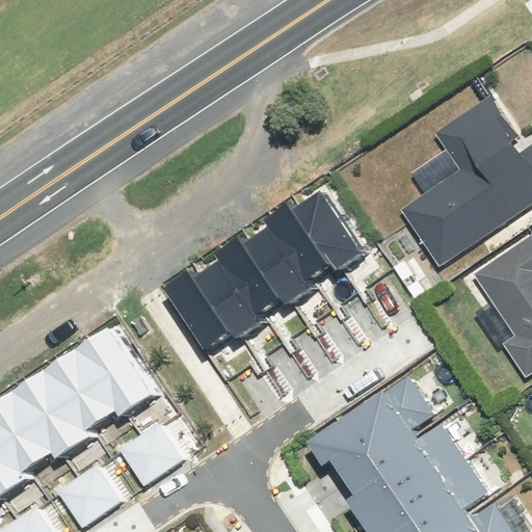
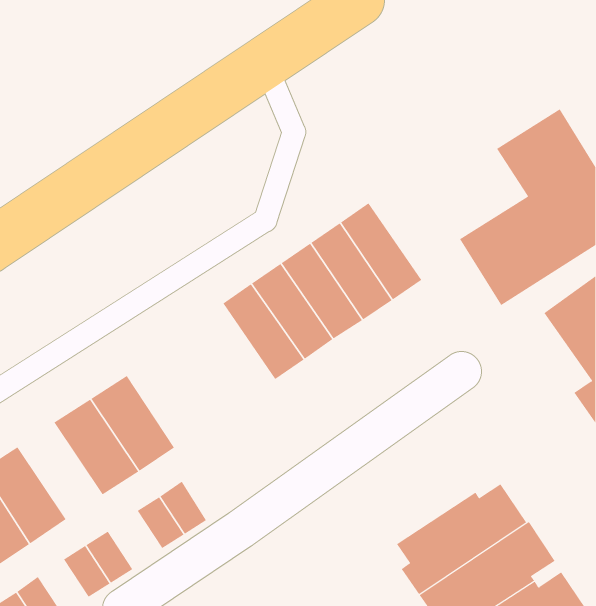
building: [168,267,240,351] -> none
building: [16,371,89,455] -> none
building: [312,376,430,477] -> none

